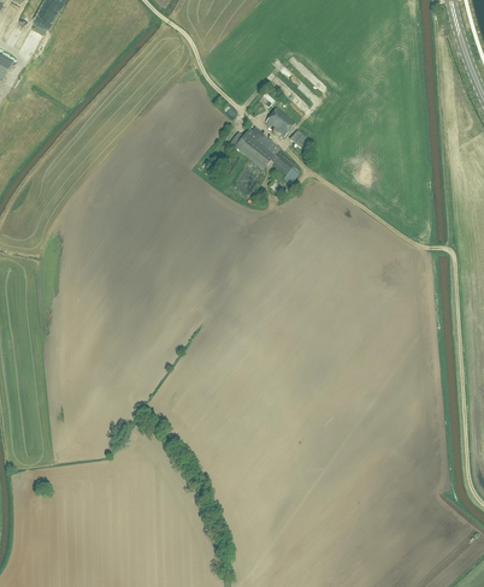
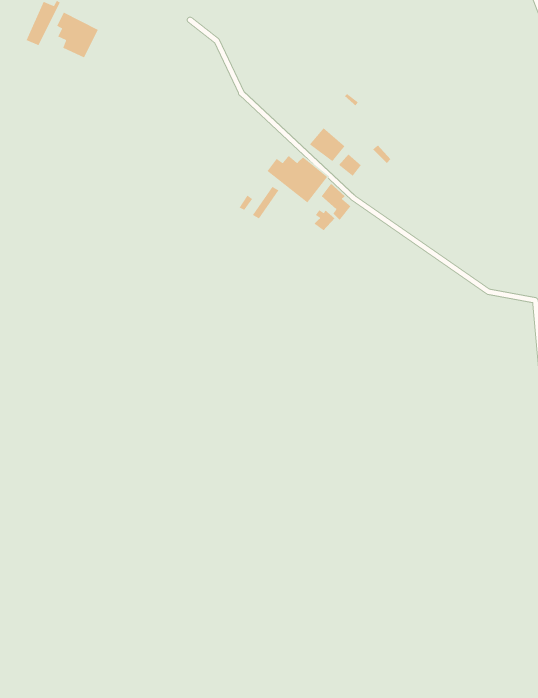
building: none -> [56,12,99,58]

